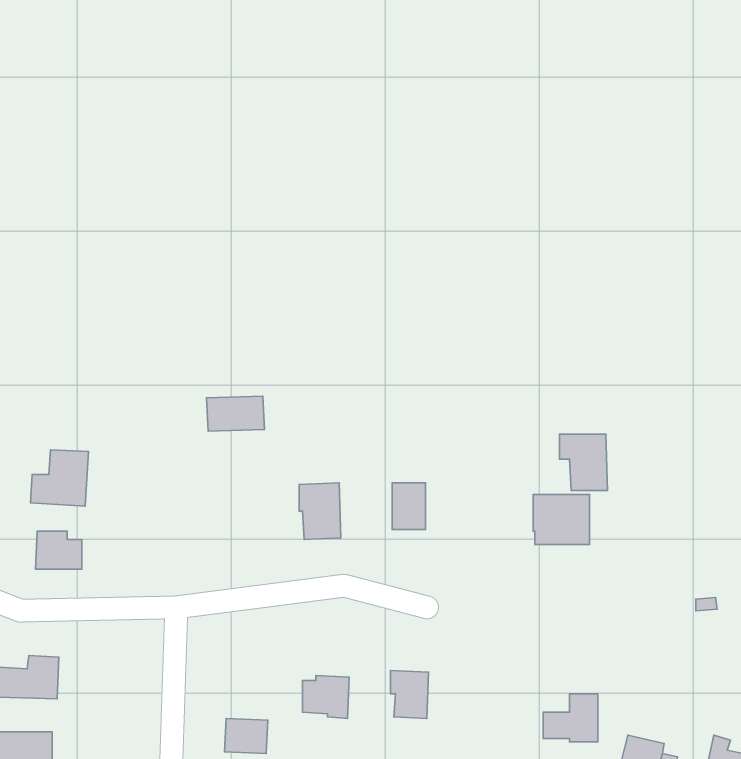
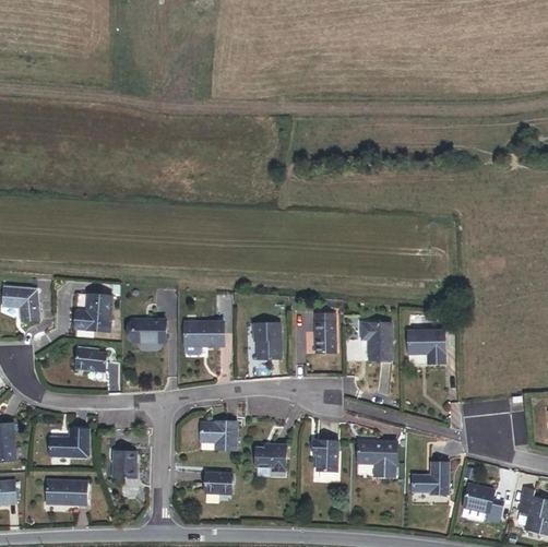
building: [206,396,264,431] -> [187,323,225,346]
building: [560,434,608,491] -> [358,318,390,355]
building: none -> [138,319,169,342]
building: none -> [200,420,235,450]
building: none -> [362,437,395,473]
building: none -> [116,453,140,480]

